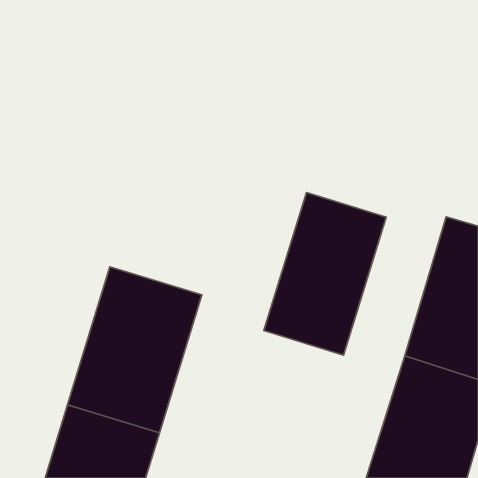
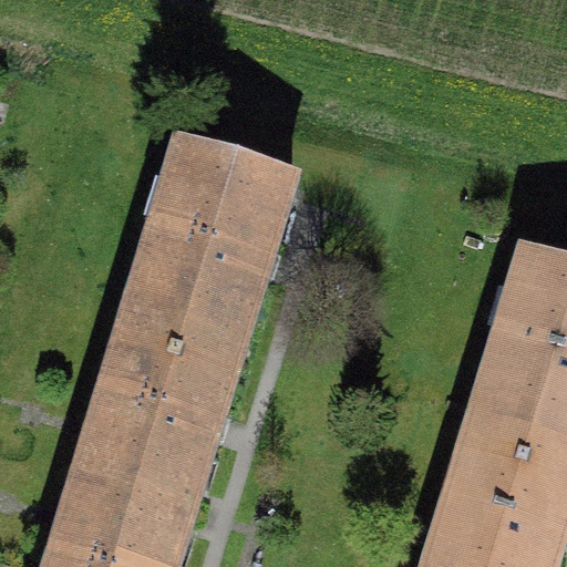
building: none -> [130,150,288,348]
building: [264,193,386,355] -> none

